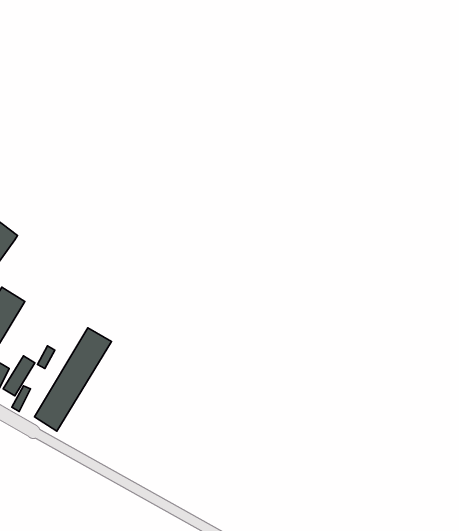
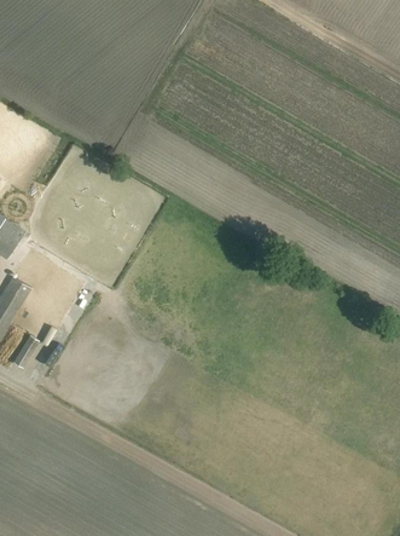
building: [35,328,111,431] -> none

